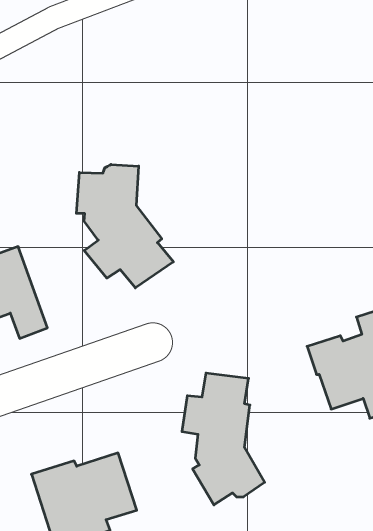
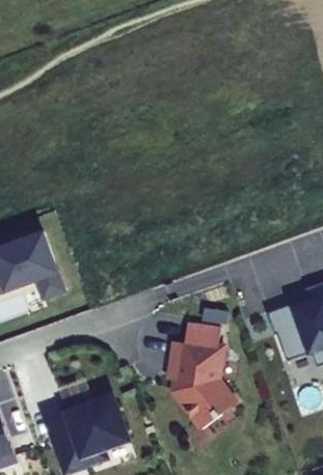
building: [76,164,173,288] -> none

